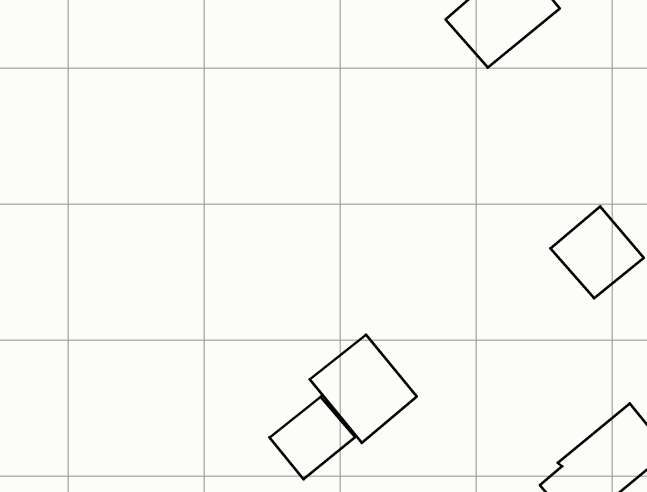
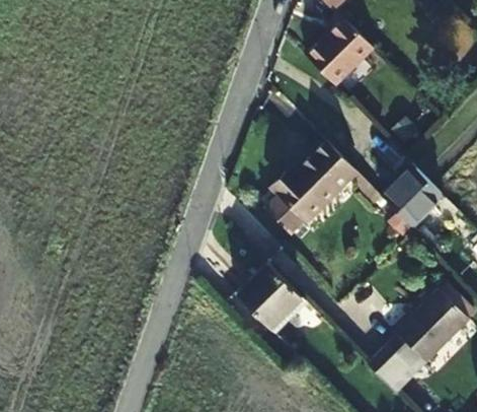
building: none -> [270,145,354,226]
building: [269,397,355,479] -> none

